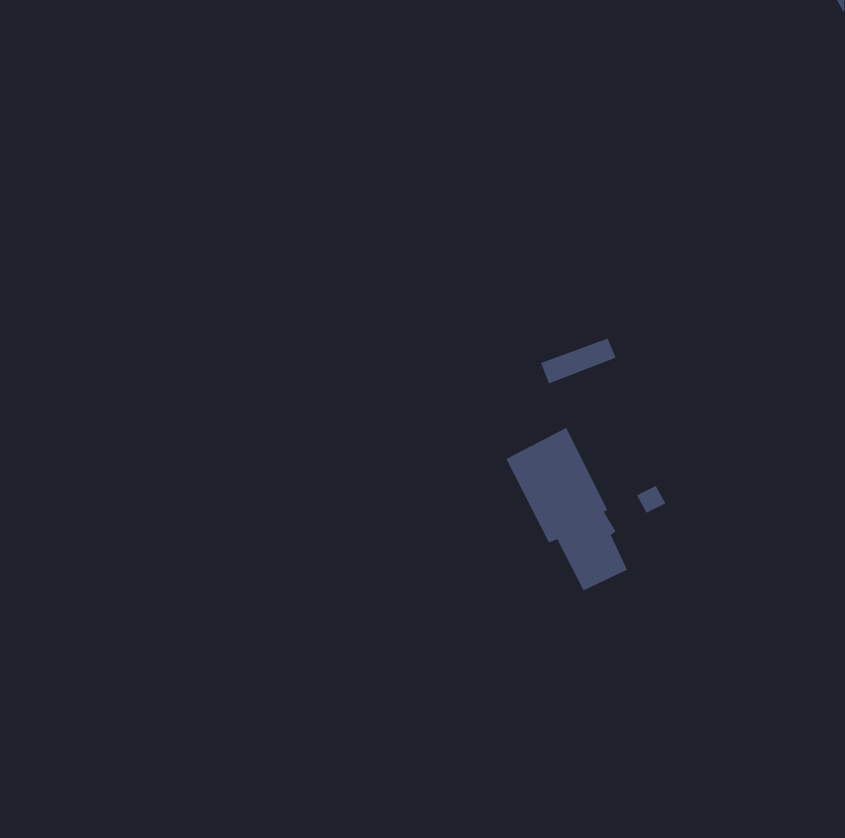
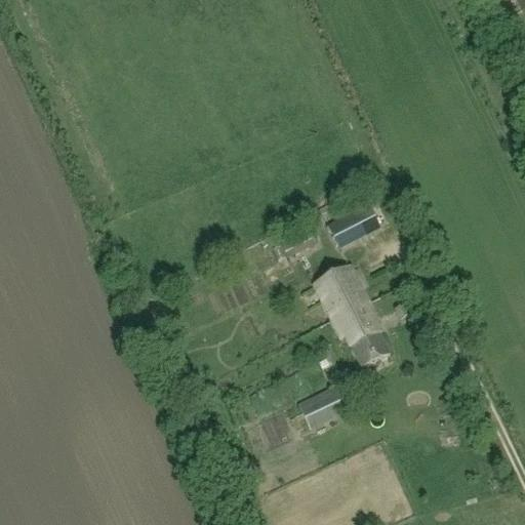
building: none -> [298,386,347,425]

